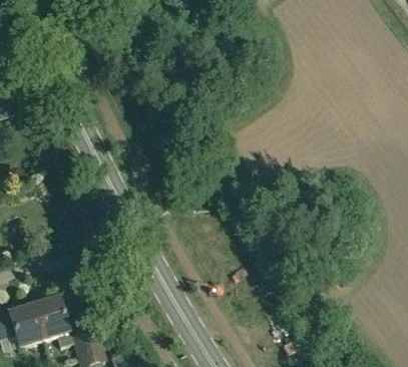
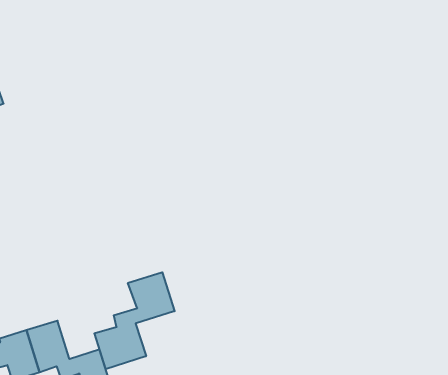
building: none -> [94,272,175,369]

